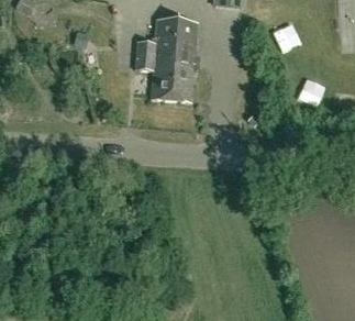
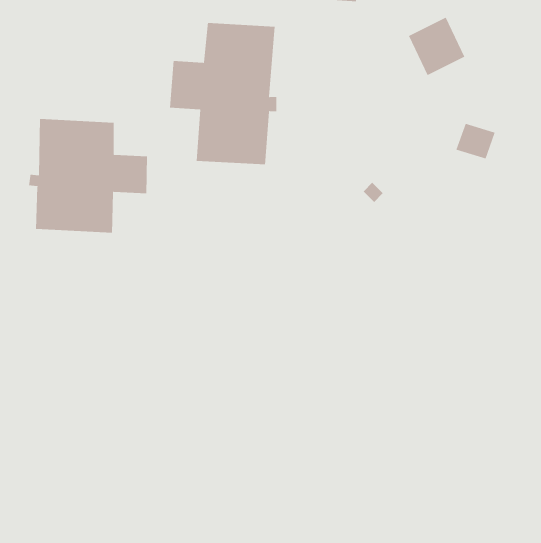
building: none -> [29,118,148,234]

